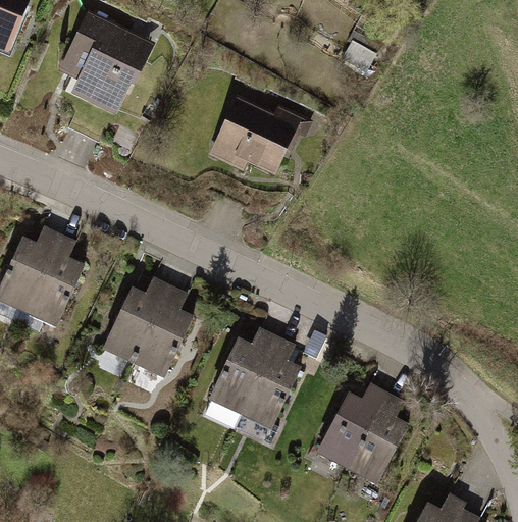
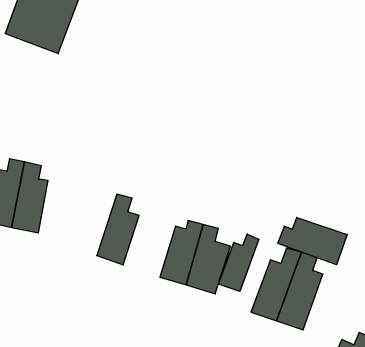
building: [203,94,292,177] -> none
building: [102,279,168,362] -> none
building: none -> [278,217,347,265]
building: none -> [218,234,259,291]

